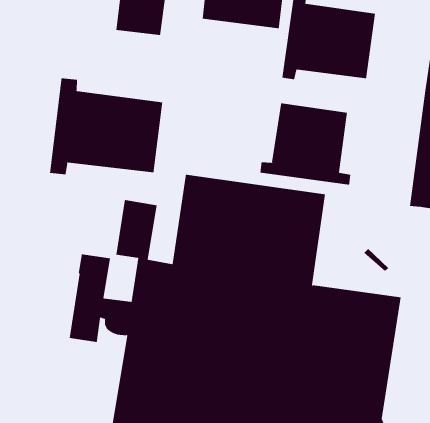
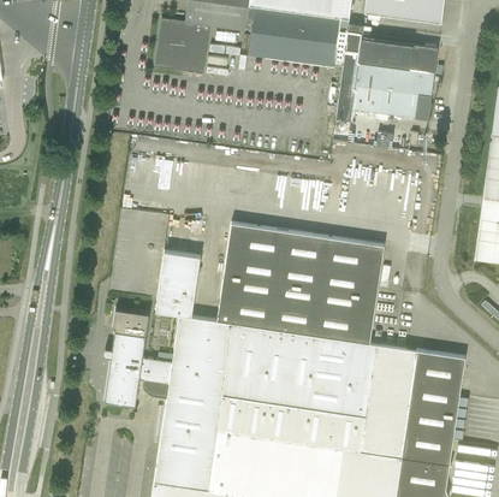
building: [49,78,163,175] -> none
building: [260,103,351,186] -> none

